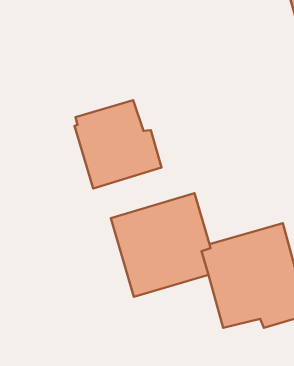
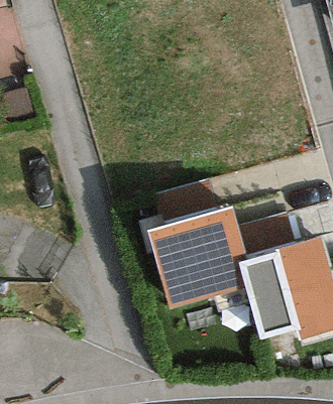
building: [75,100,161,189] -> none

